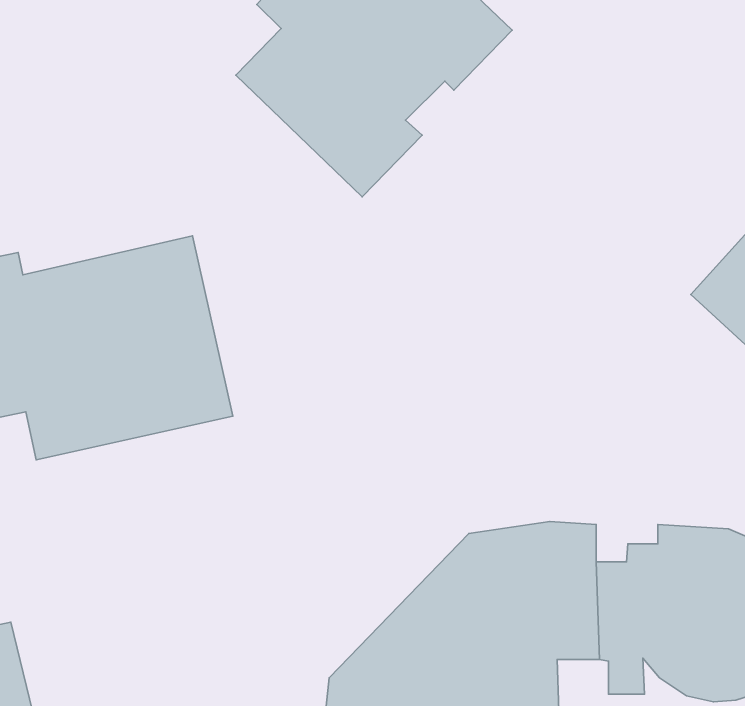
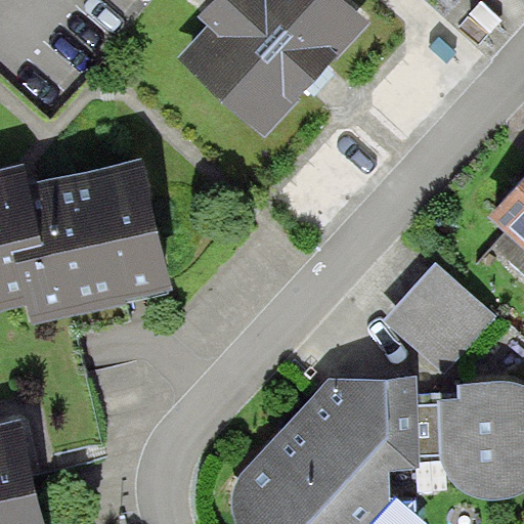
building: none -> [388,261,496,368]

